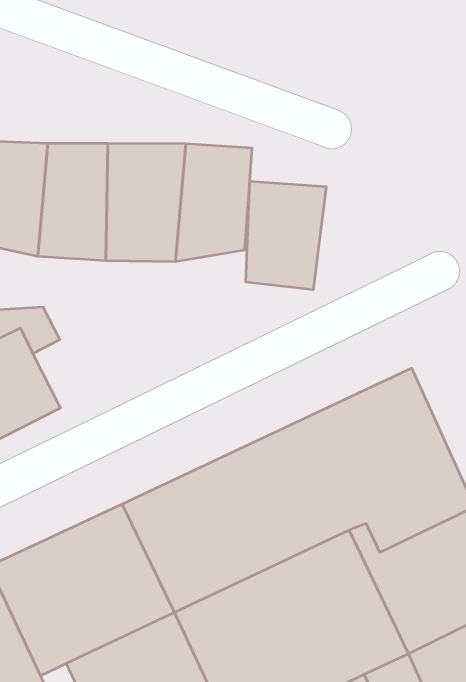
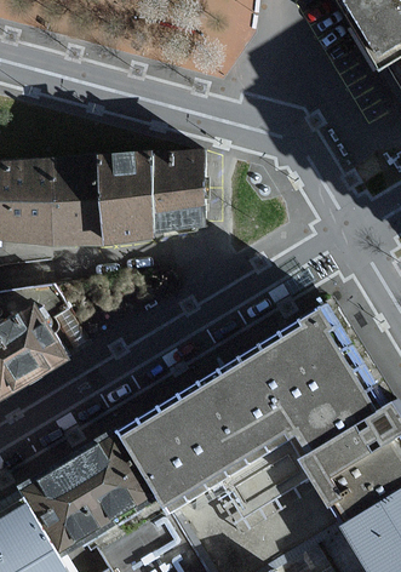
building: [246,181,326,290] -> none

